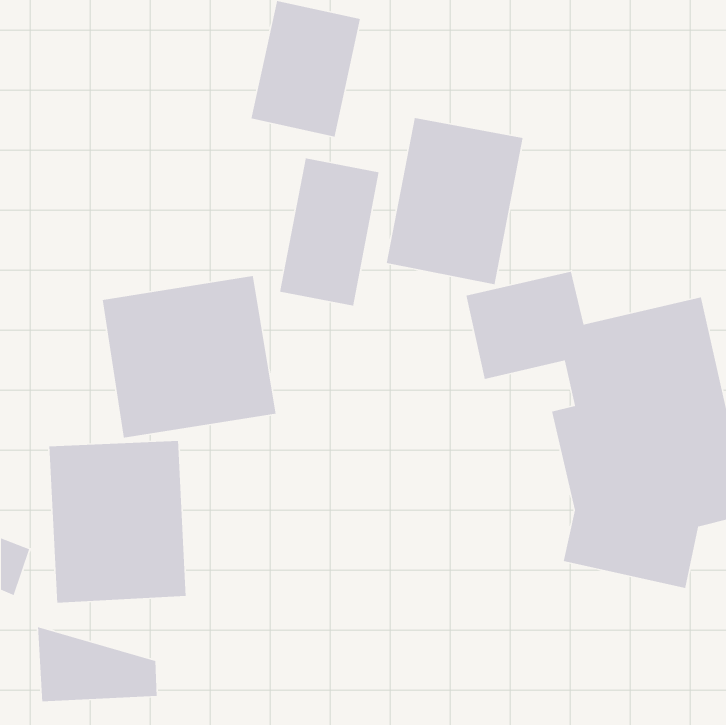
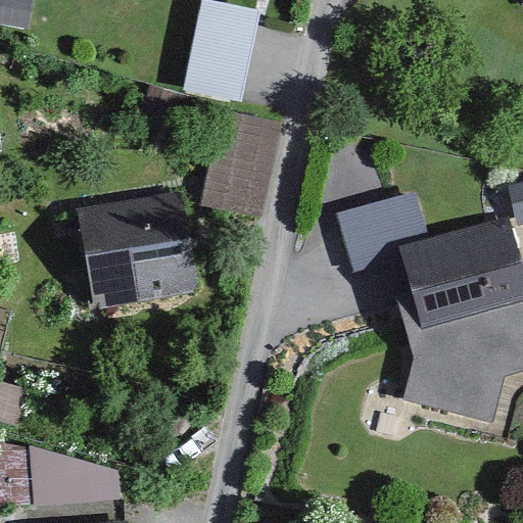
building: [386,117,524,285] -> none
building: [49,440,186,604] -> none

